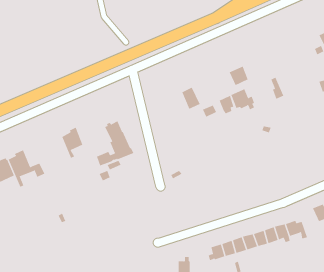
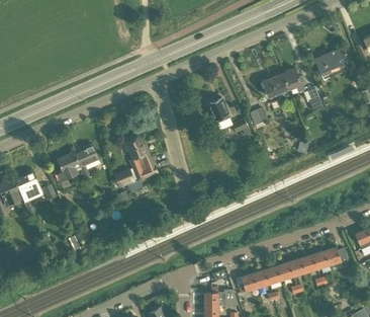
building: none -> [313,48,351,81]
building: [230,88,255,110] -> [278,68,305,92]
building: none -> [54,151,86,191]

